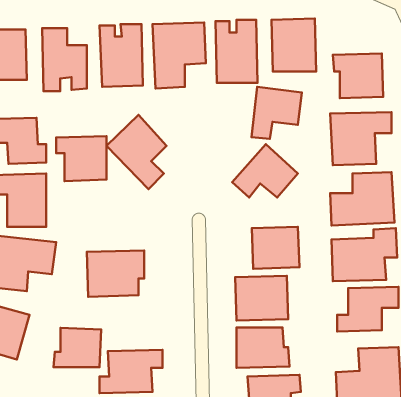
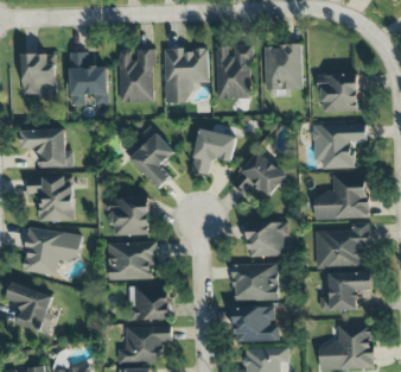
building: [252,87,302,139] -> [192,130,235,174]
building: [56,136,106,181] -> [106,197,148,235]
building: [53,328,101,367] -> [128,286,168,320]

